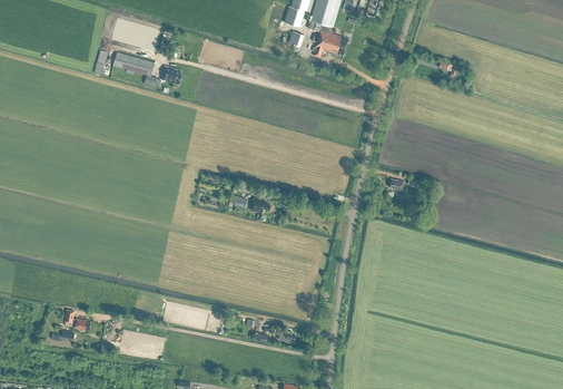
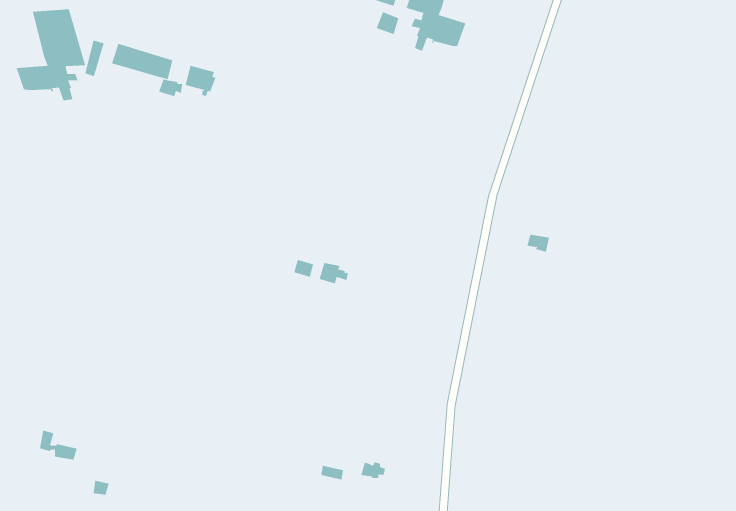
building: none -> [16,9,86,101]

